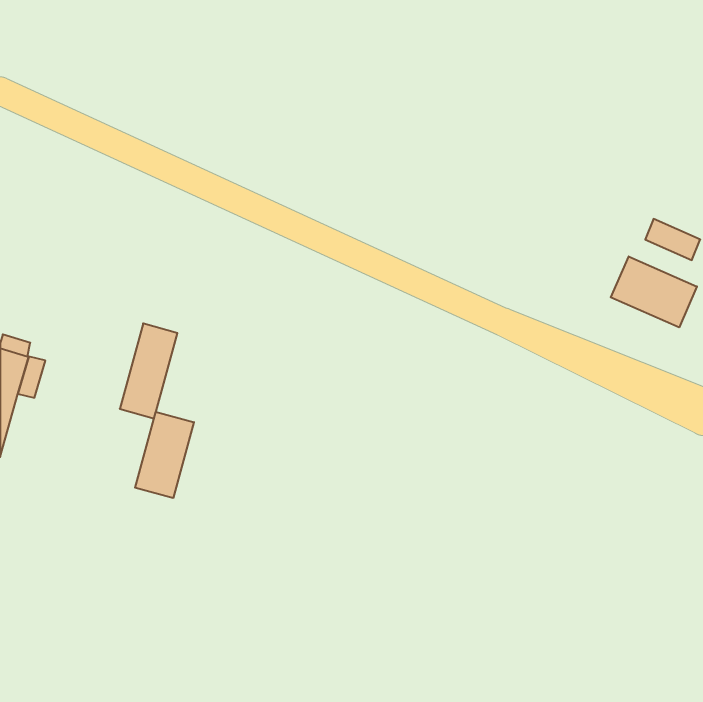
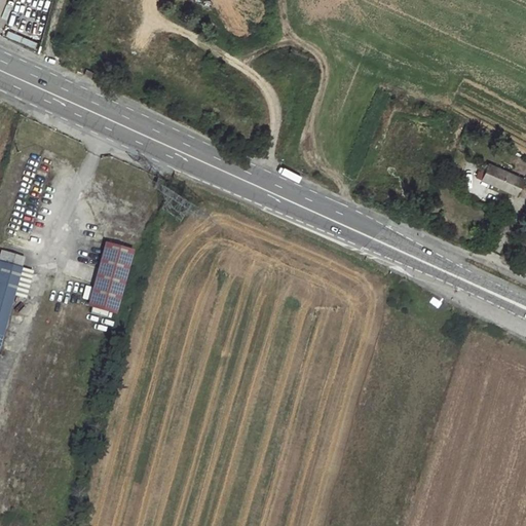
building: [611,256,697,327] -> none
building: [135,412,194,498] -> none

